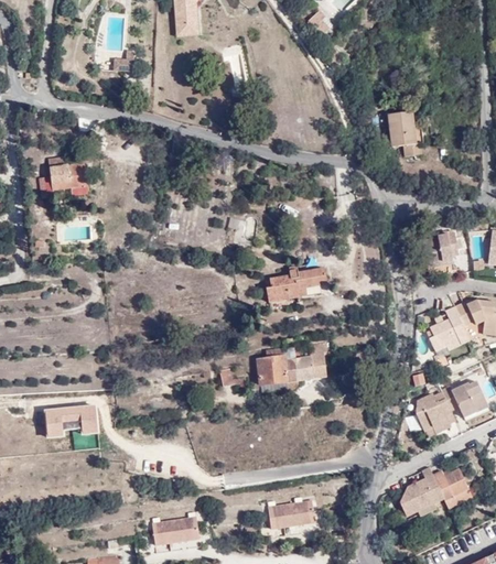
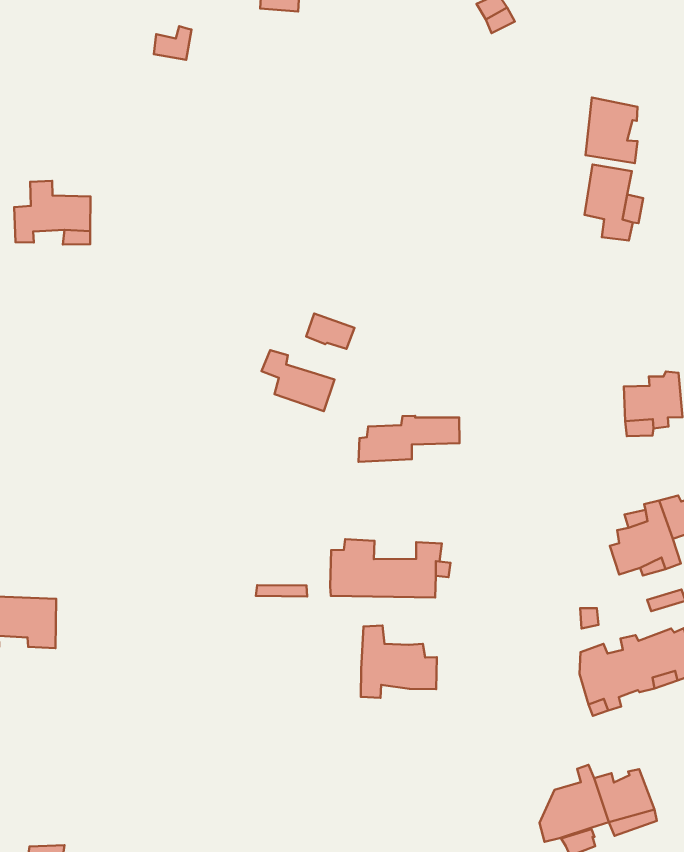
building: none -> [585,98,638,163]
building: none -> [262,350,334,411]
building: none -> [361,626,437,698]
building: [268,501,315,530] -> none
building: [152,517,200,545] -> none

